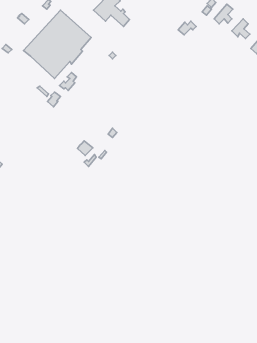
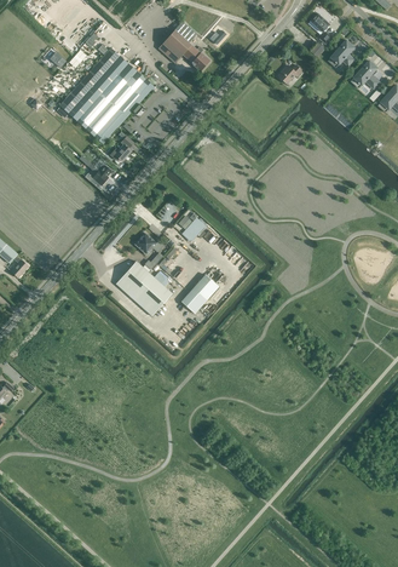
building: none -> [116,260,173,315]
building: none -> [181,274,219,313]

